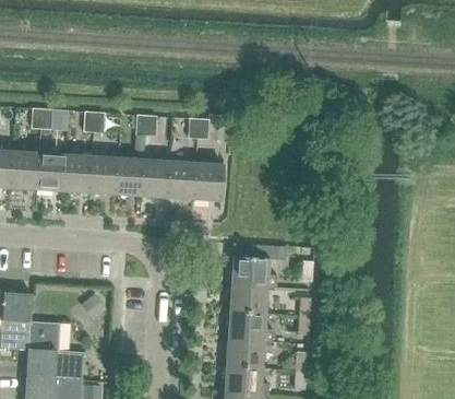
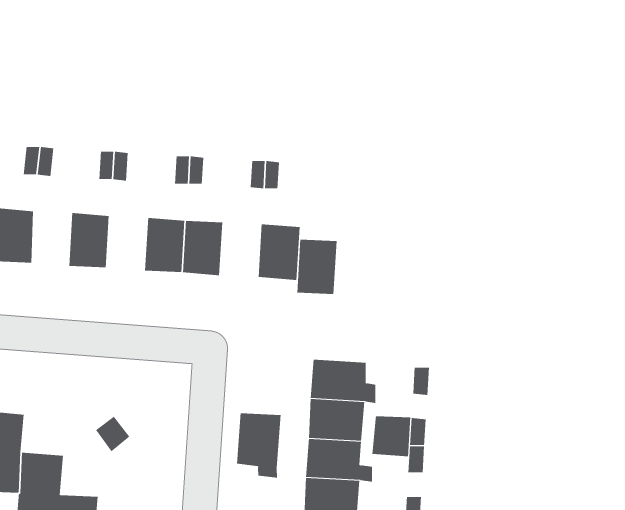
building: [38,153,65,191] -> none
building: [89,156,118,195] -> none
building: [168,161,196,199] -> [296,239,337,294]
building: none -> [236,413,281,479]
building: none -> [372,416,411,457]

